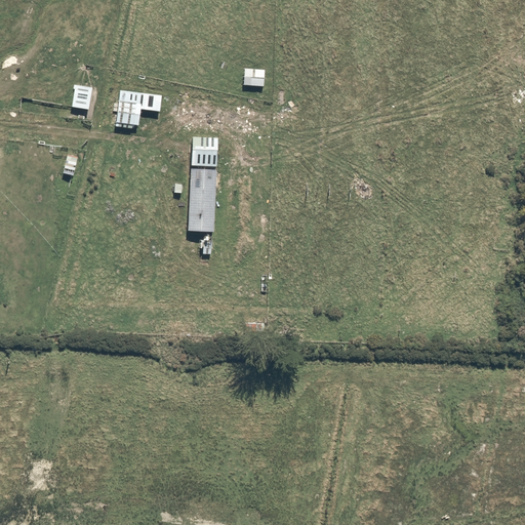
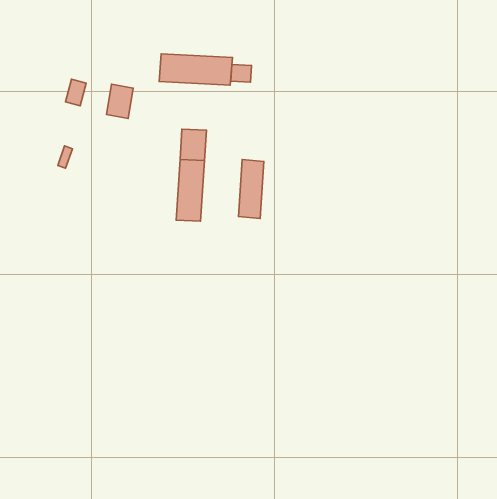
building: none -> [159,54,232,85]
building: none -> [239,160,264,219]

